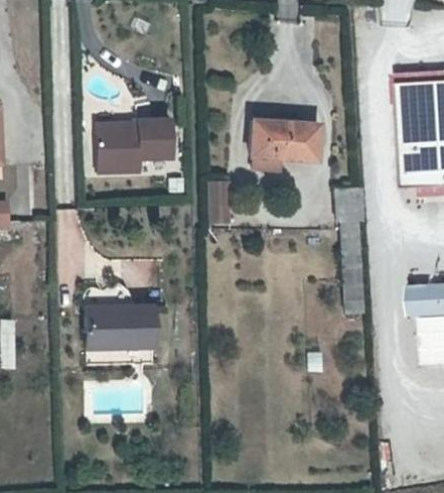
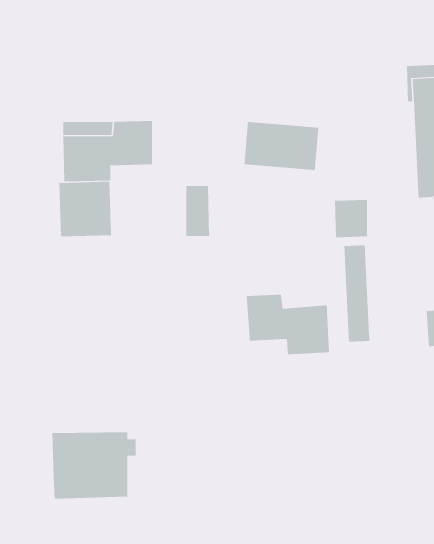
building: none -> [59,181,111,237]
building: none -> [246,294,330,355]
building: [87,306,160,365] -> [52,432,136,499]

